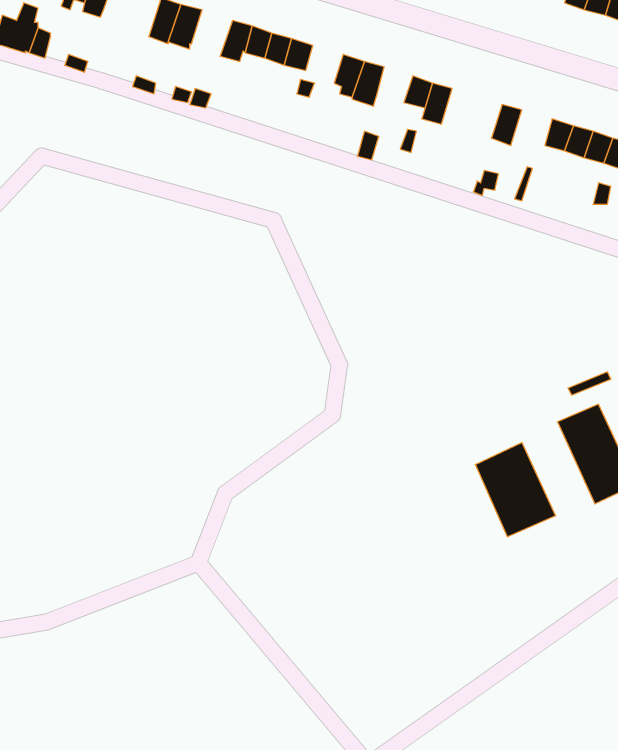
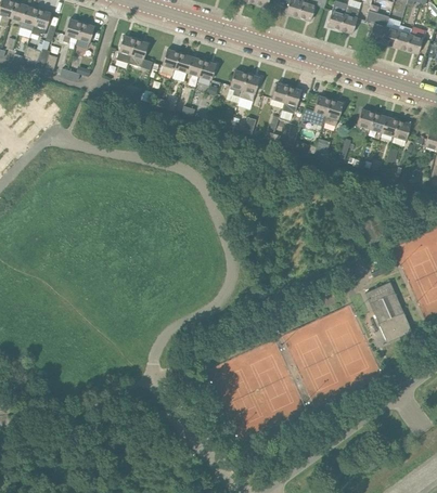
building: none -> [303,95,332,126]
building: [475,442,556,537] -> none

